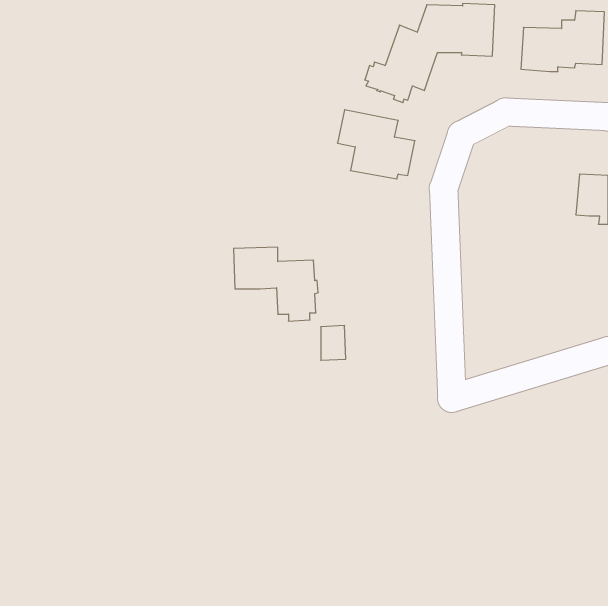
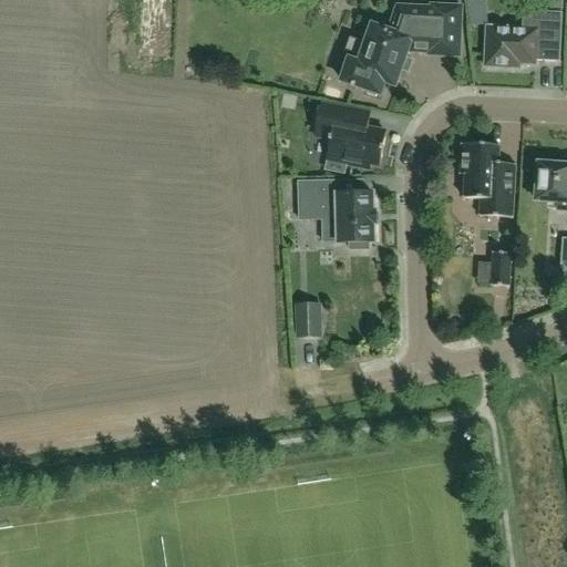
building: none -> [458,142,515,216]
building: [234,247,318,321] -> [297,179,375,248]
building: none -> [491,250,511,285]

